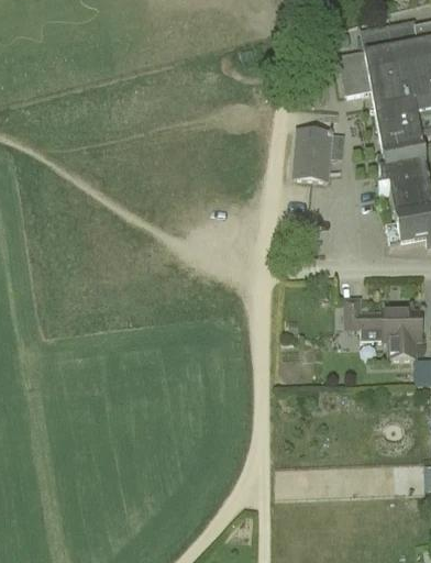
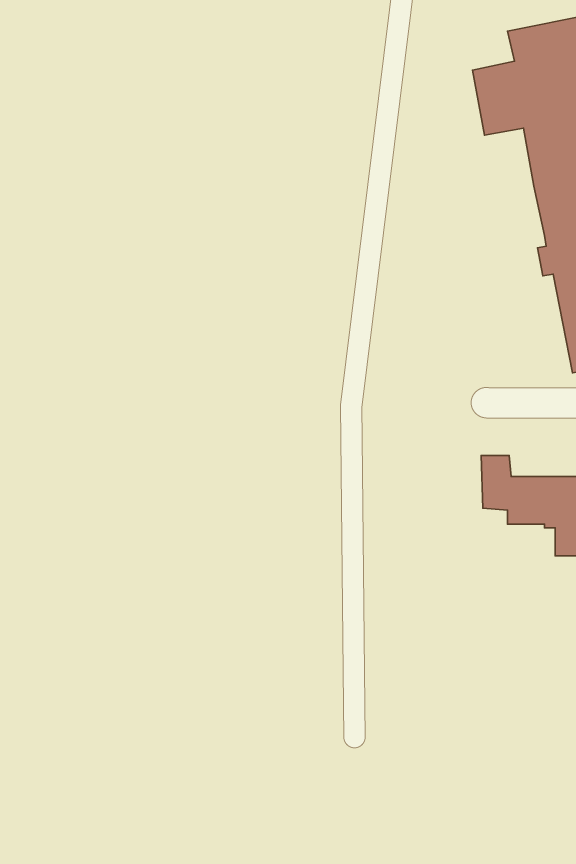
building: [291,126,334,179] -> none

